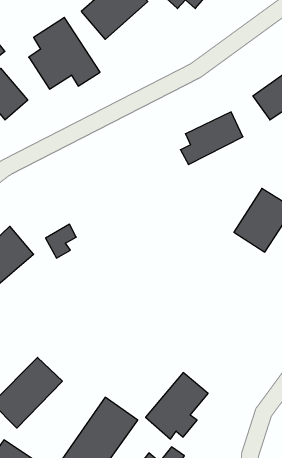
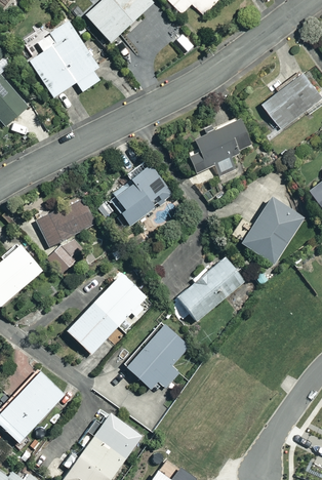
building: none -> [116,165,170,226]
building: none -> [34,196,91,245]
building: none -> [169,258,243,326]
building: none -> [67,274,148,357]
building: [146,373,208,439] -> [125,321,190,390]

